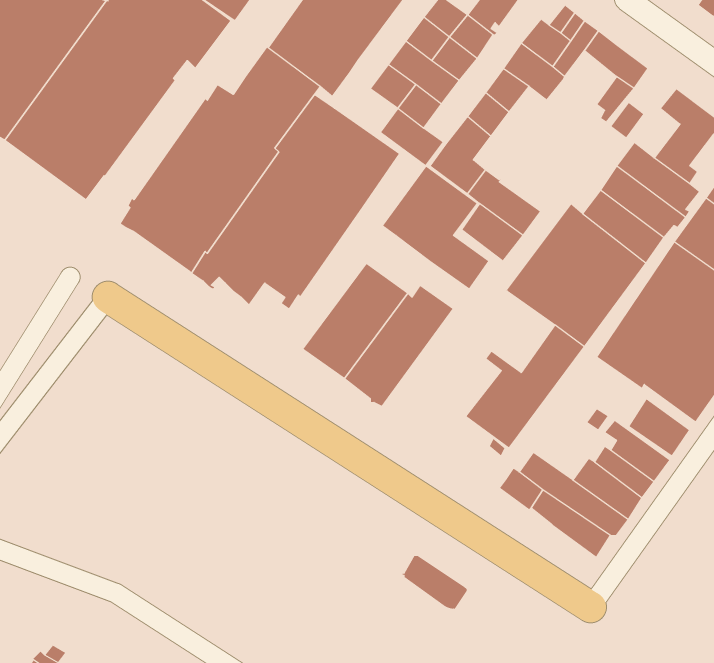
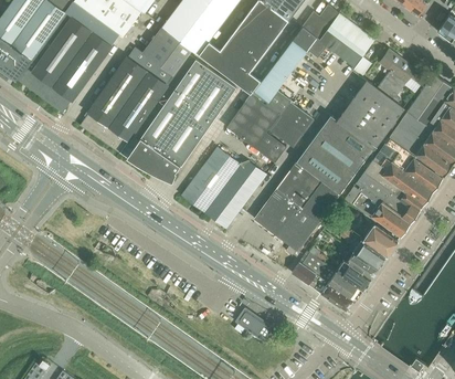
building: none -> [327,30,357,60]
building: none -> [199,42,235,75]
building: none -> [255,164,322,233]

